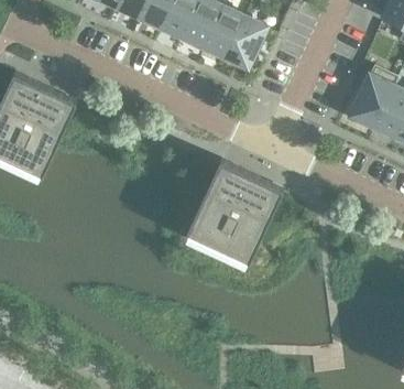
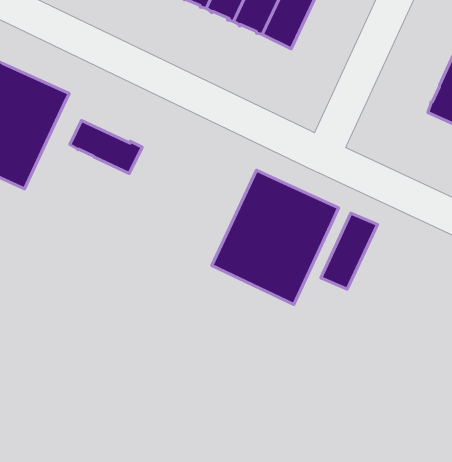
building: none -> [70,120,142,174]
building: none -> [321,213,377,289]

